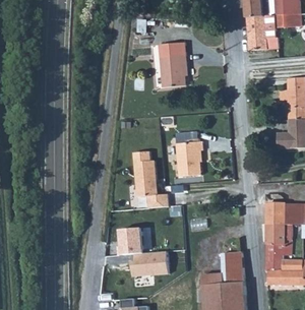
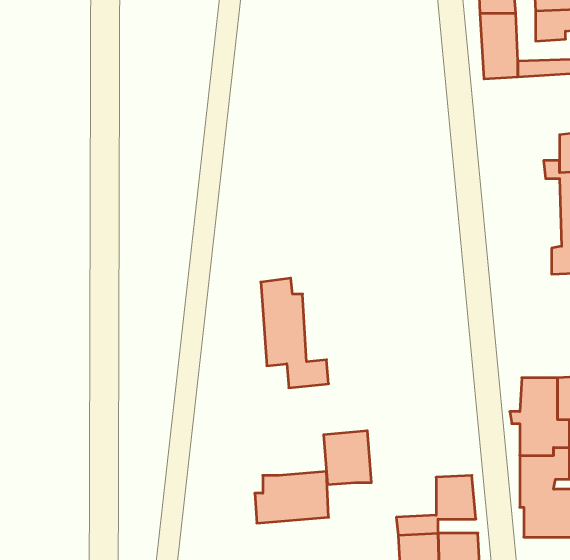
building: [161,41,188,87] -> none
building: [178,142,204,176] -> none
building: [119,226,143,253] -> [324,431,371,485]

